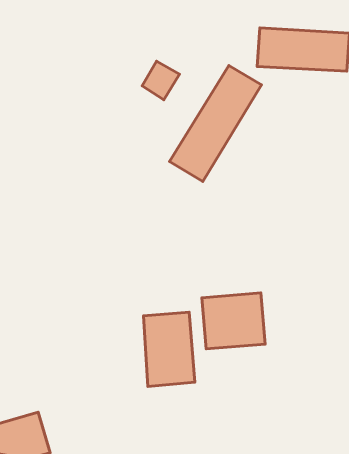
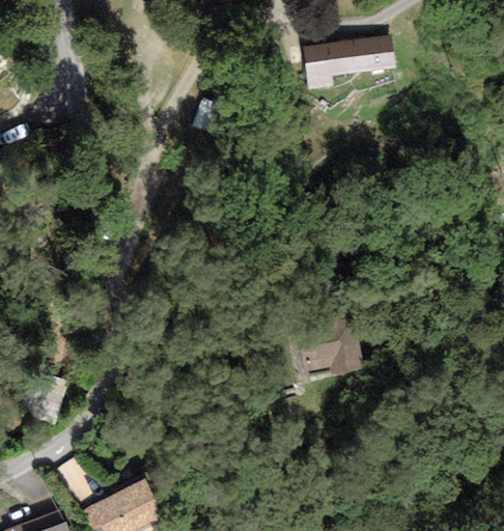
building: [169,65,261,181] -> none
building: [143,312,195,386] -> none

